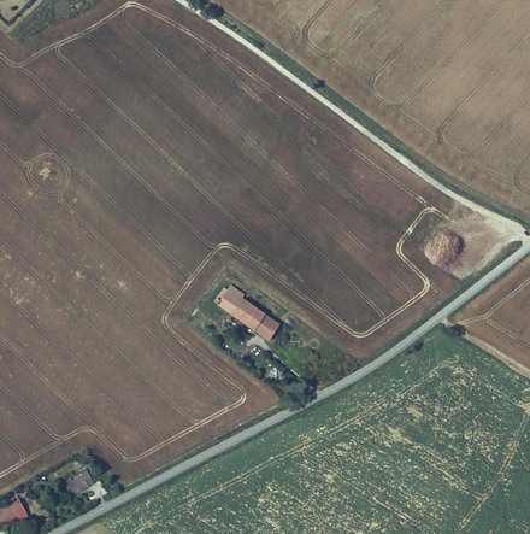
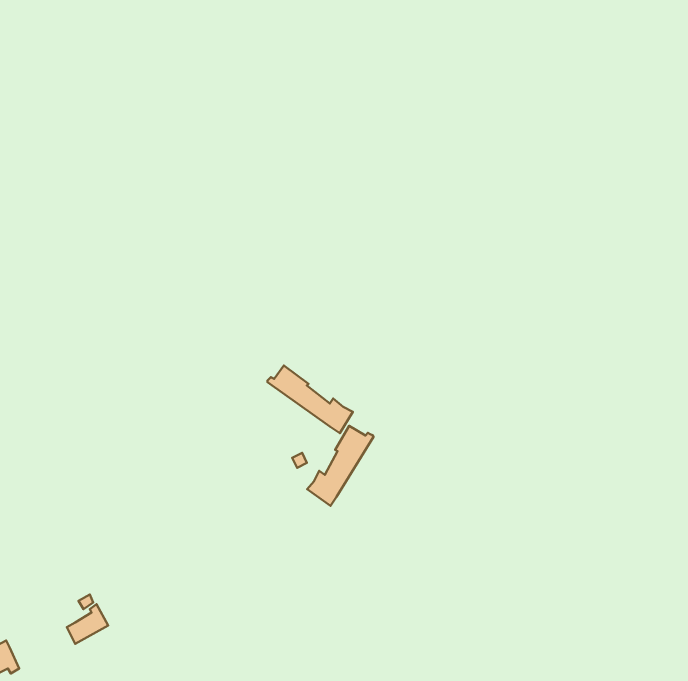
building: none -> [307,426,373,506]

